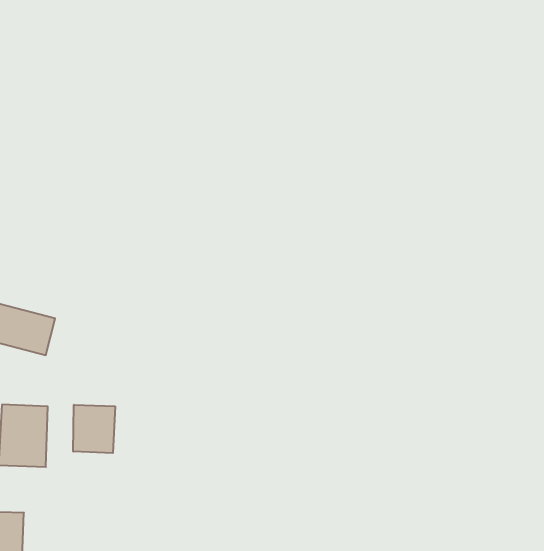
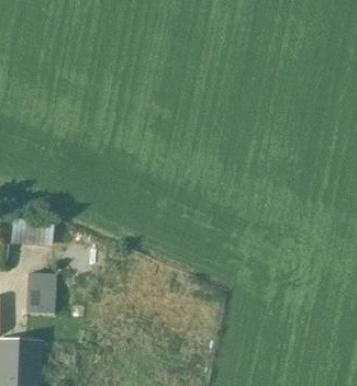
building: [73,405,115,453] -> none

